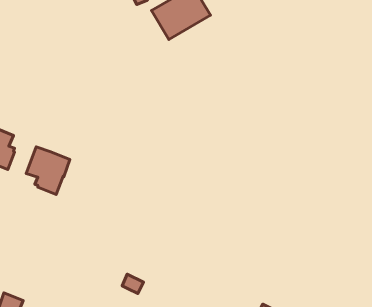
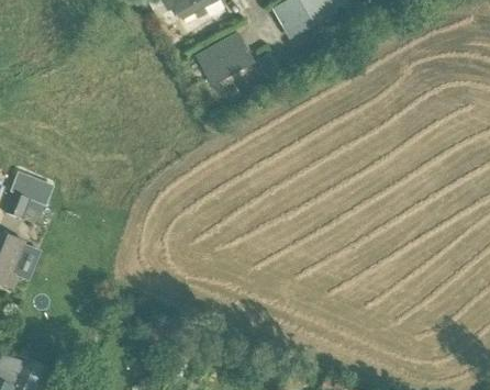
building: [26,147,70,194] -> none

